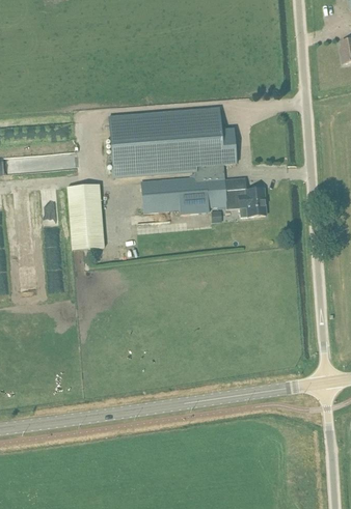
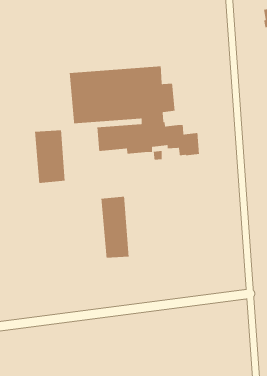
building: none -> [101,196,129,259]

